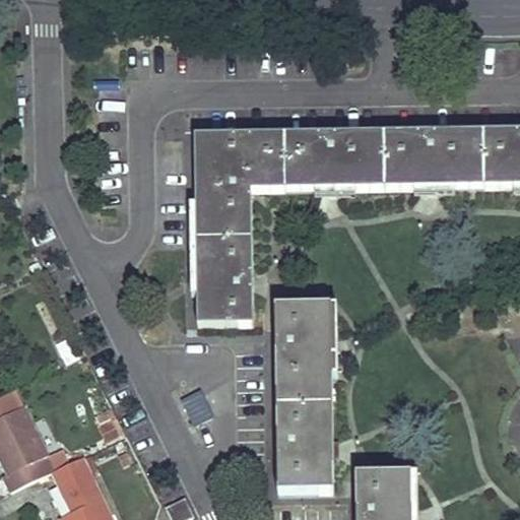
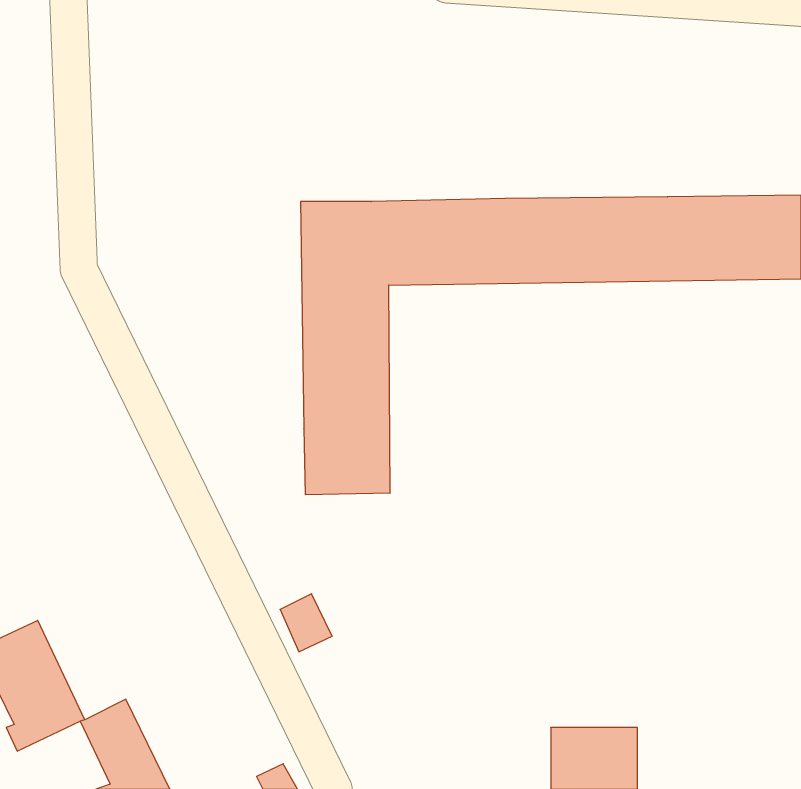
building: [273,301,331,488] -> none

